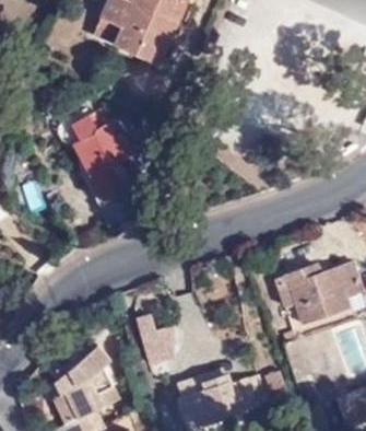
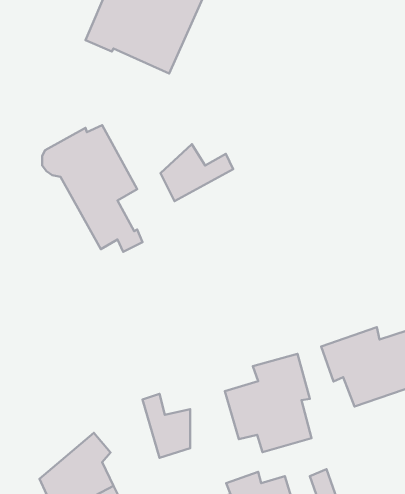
building: none -> [160,144,233,201]
building: none -> [225,354,312,452]

